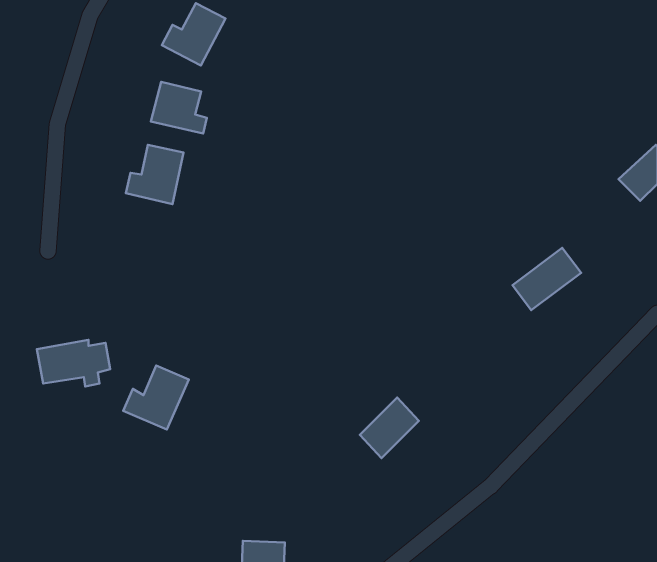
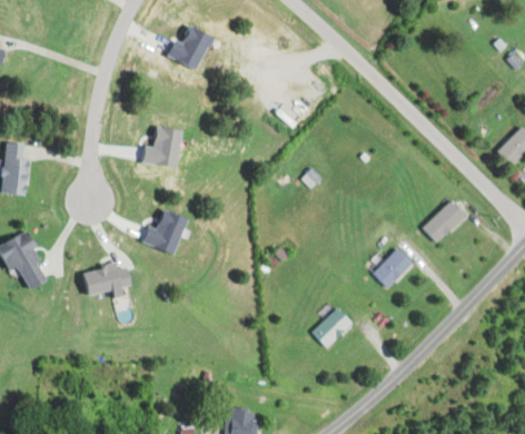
building: [151,82,207,134] -> none
building: none -> [373,247,414,287]
building: [123,366,189,429] -> [142,208,189,254]

